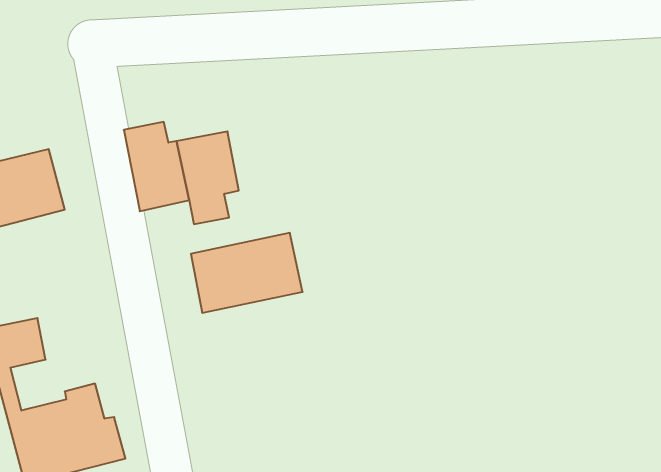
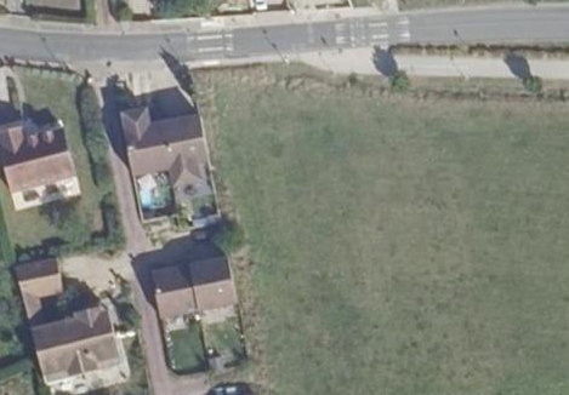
building: [191,233,303,313] -> [152,256,237,316]

